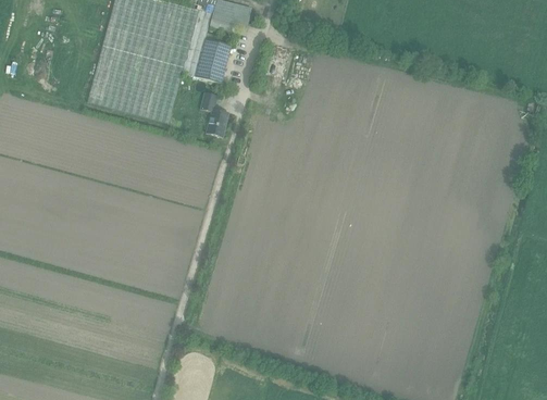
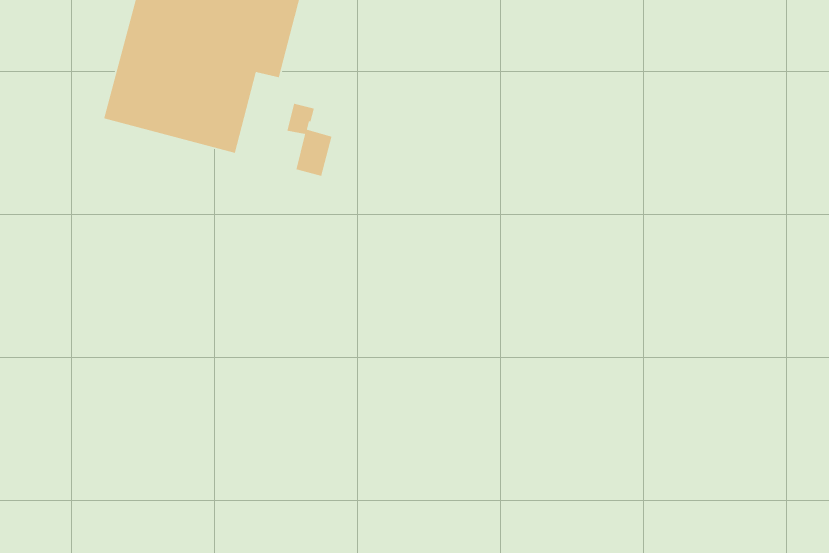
building: [196,38,231,83] -> none

